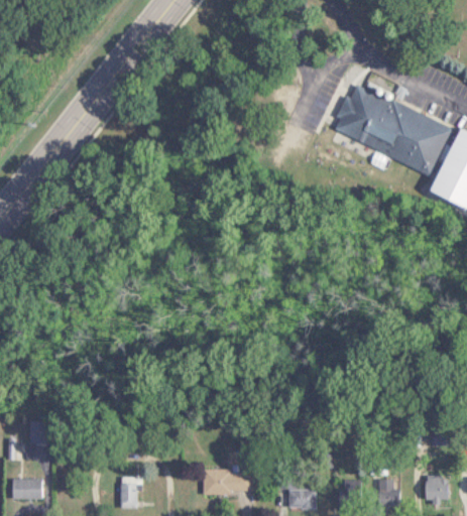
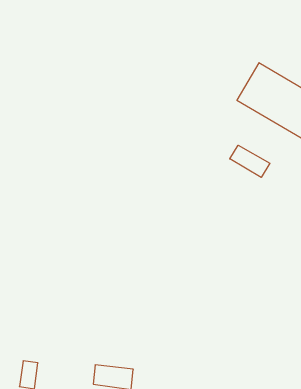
building: none -> [230,145,270,177]

